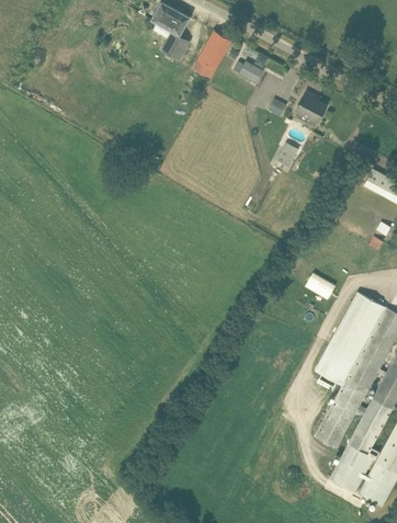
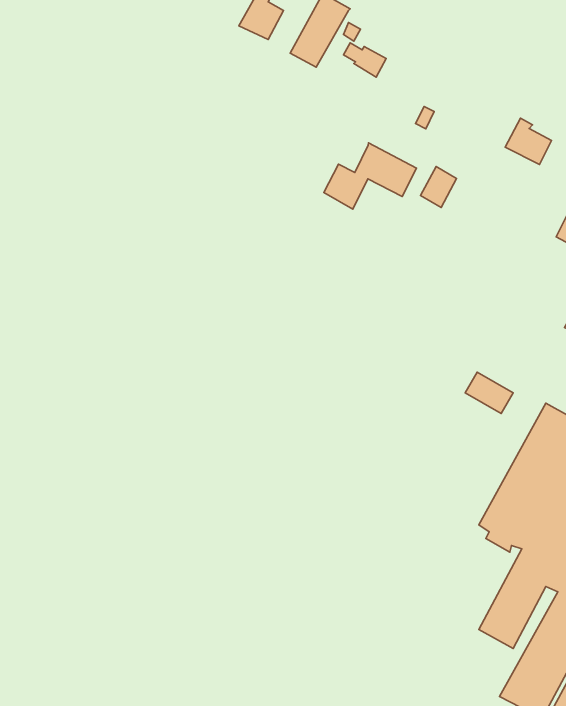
building: [296,91,326,121] -> [505,118,551,164]
building: none -> [324,143,417,209]

